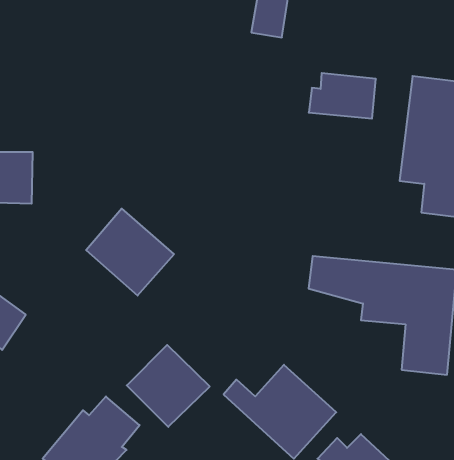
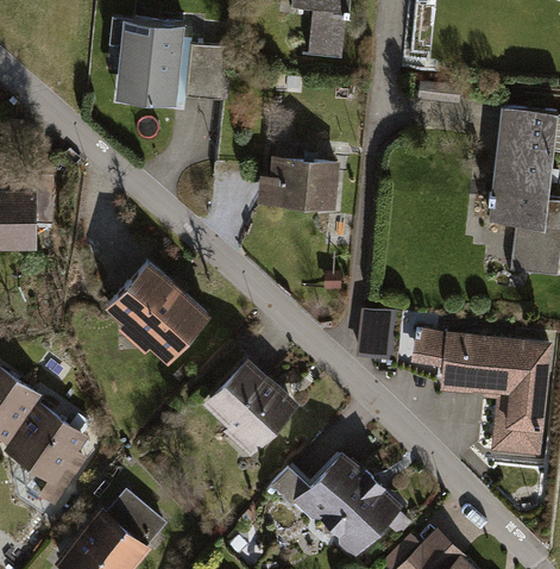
building: none -> [107,17,188,114]
building: [309,73,376,119] -> [258,157,339,212]
building: none -> [7,399,80,494]
building: [127,345,210,427] -> [200,356,300,455]

